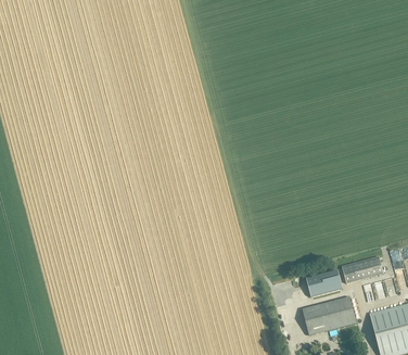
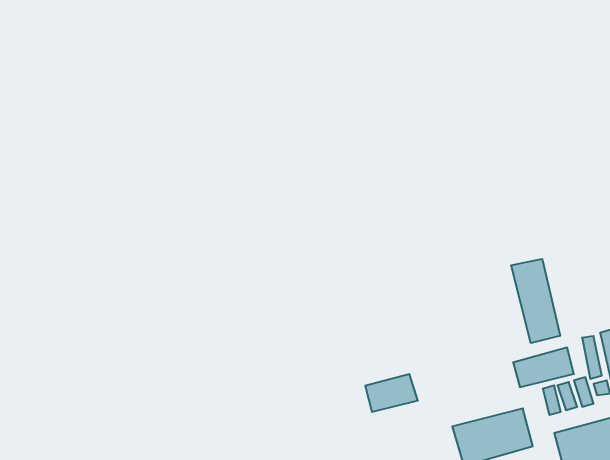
building: none -> [511,259,560,343]
building: [306,270,341,295] -> [365,374,418,412]

